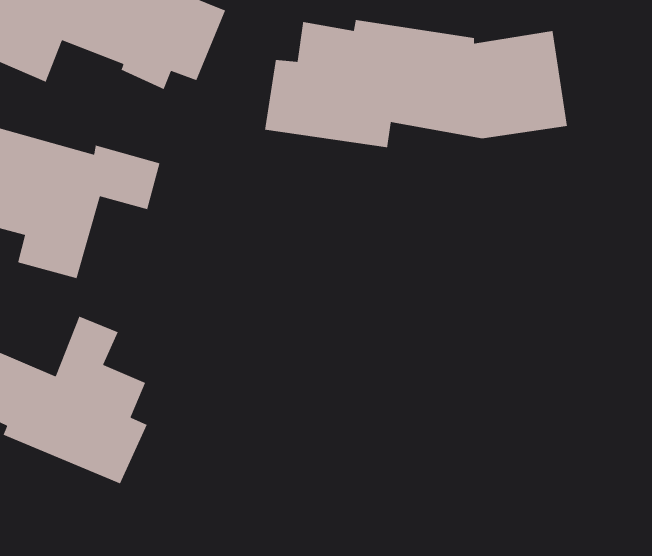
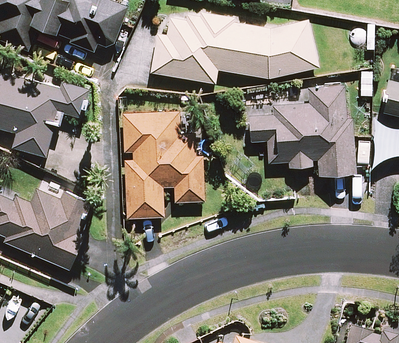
building: none -> [250,87,355,176]
building: none -> [124,114,204,219]

